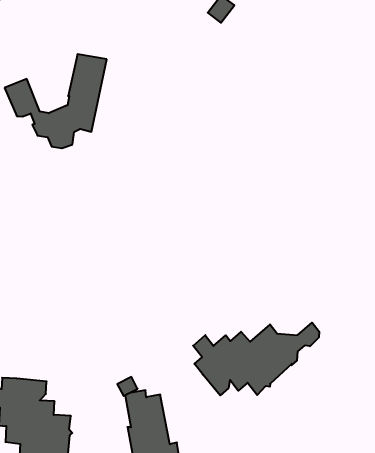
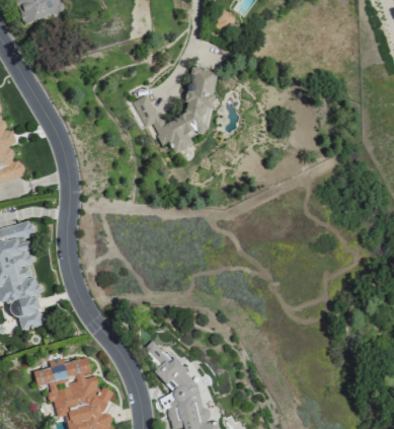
building: [5,54,107,148] -> [129,67,218,151]
building: [193,323,319,395] -> none

